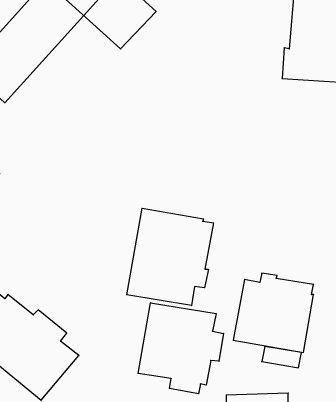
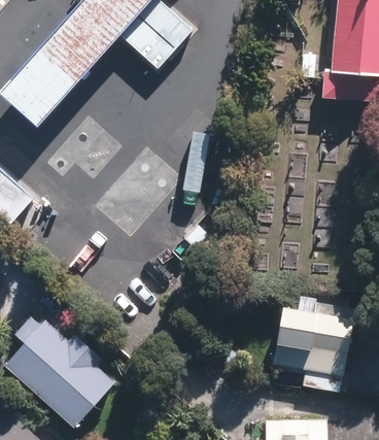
building: [127,208,214,306] -> none
building: [138,303,224,394] -> none

